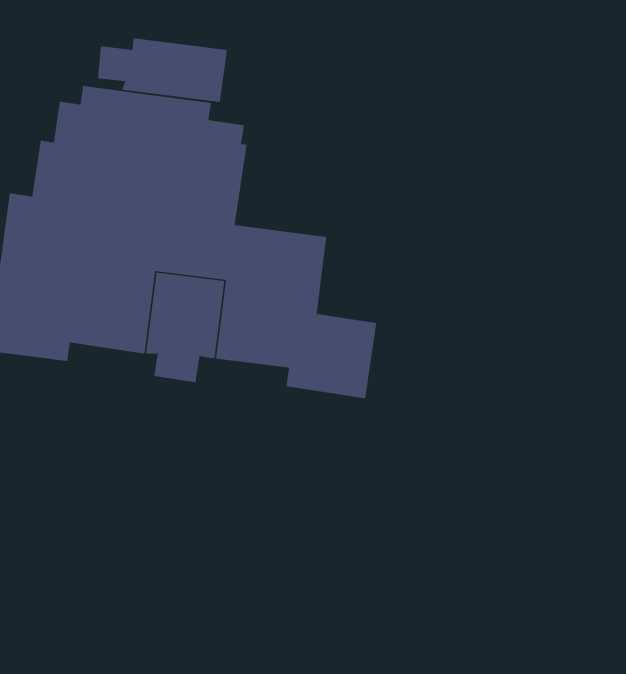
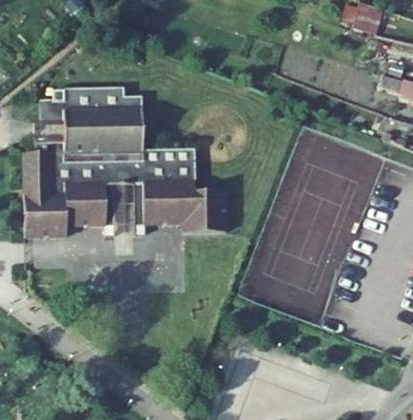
building: [97,37,228,103] -> none

